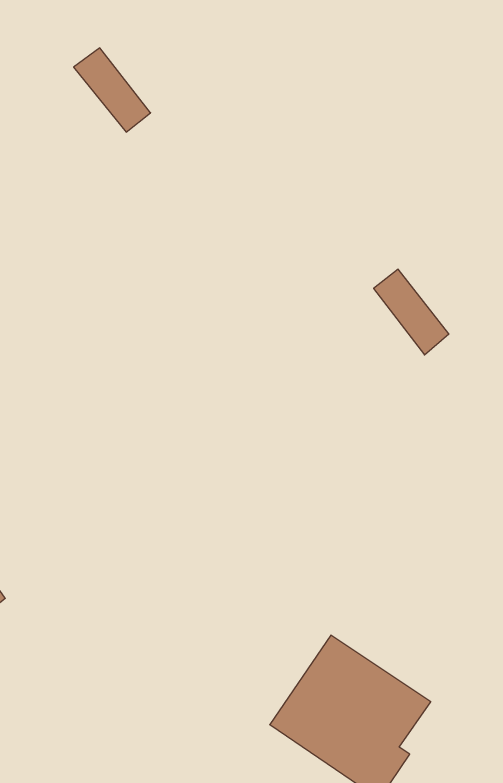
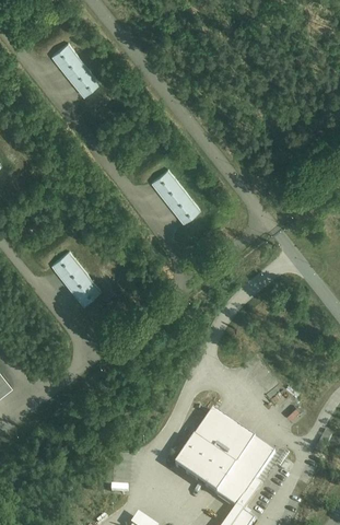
building: [374,269,449,355] -> [152,170,199,223]
building: none -> [51,253,99,305]

